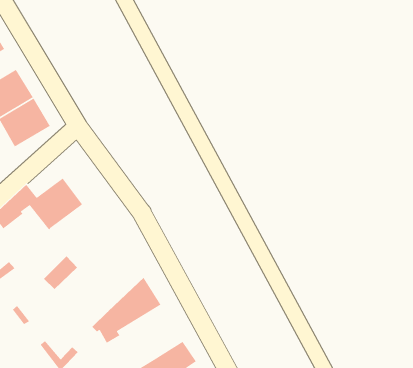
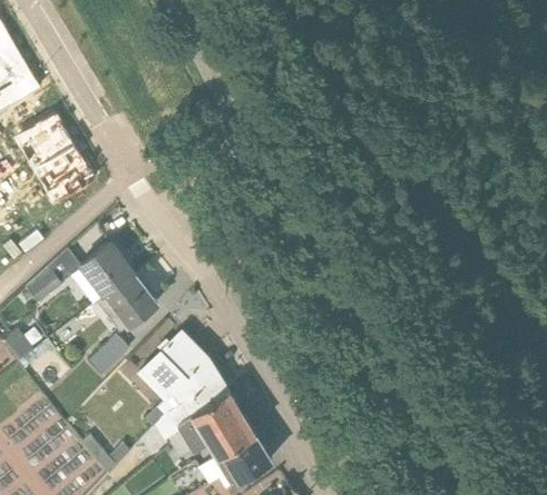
building: none -> [96,273,157,331]
building: none -> [138,331,207,400]
building: none -> [176,393,254,458]

